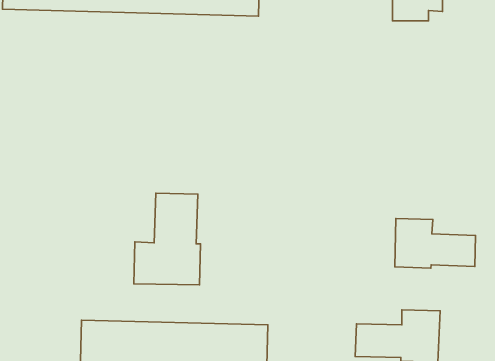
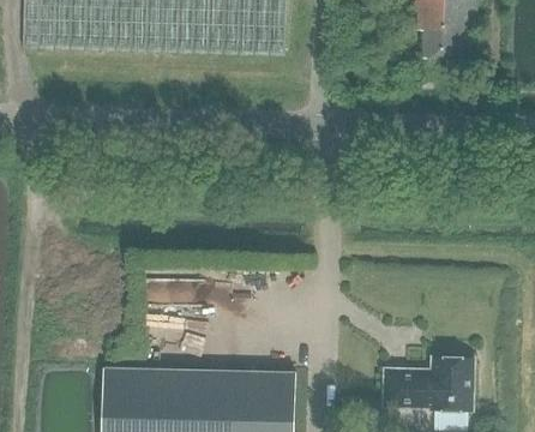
building: [134,193,201,285] -> none
building: [395,218,476,268] -> none

